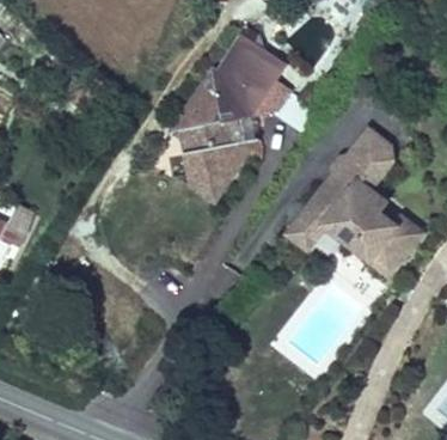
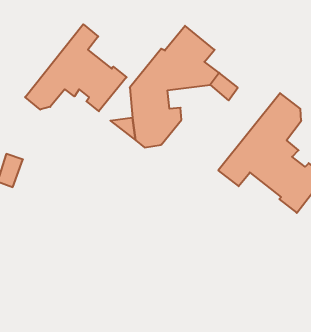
building: none -> [25,24,127,111]

